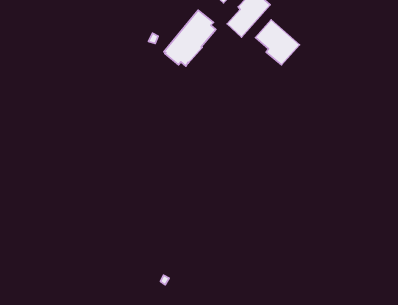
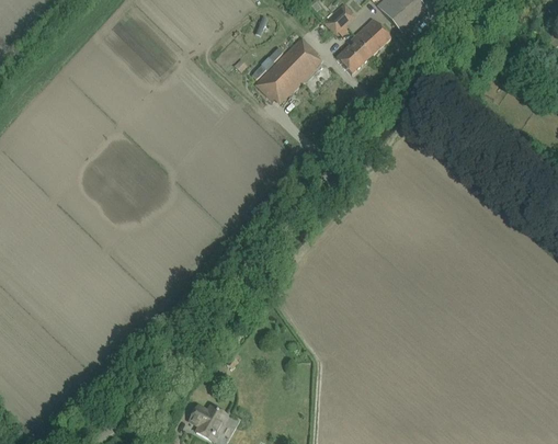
building: [255,20,299,65] -> none

